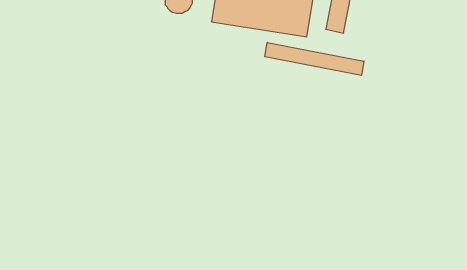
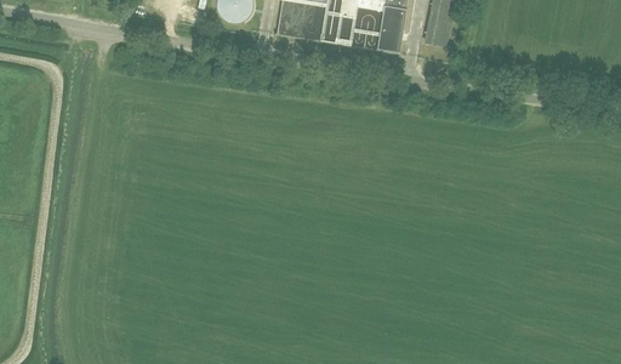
building: [265,42,364,75] -> none

